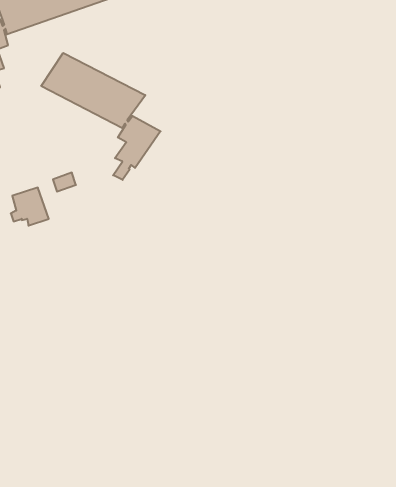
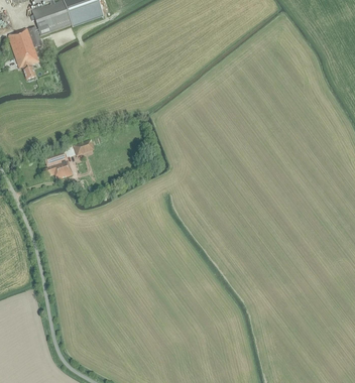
building: [41,53,161,180] -> none

